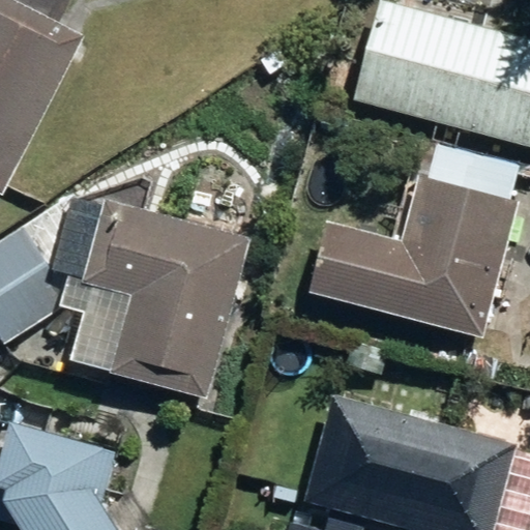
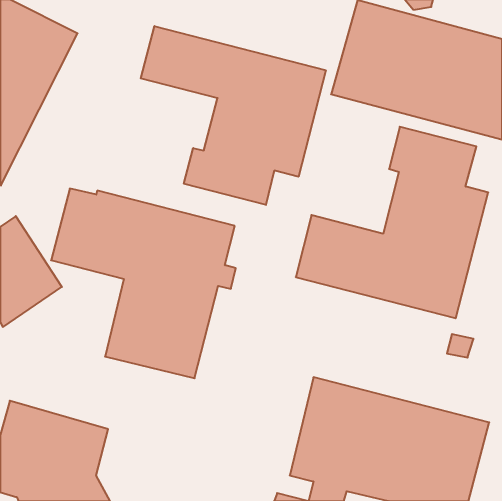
building: none -> [141,26,326,205]

